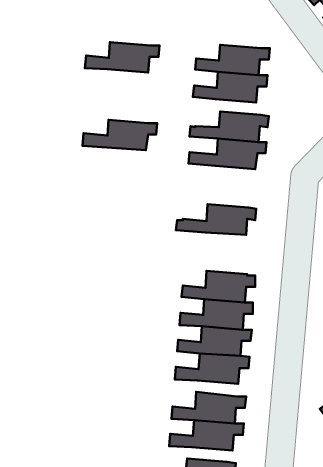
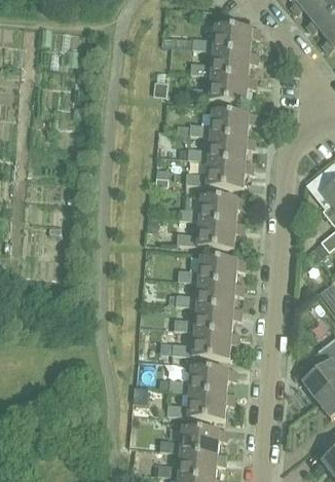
building: [85,42,160,73] -> [191,24,259,51]
building: [82,120,157,150] -> [184,158,252,186]
building: none -> [170,219,243,247]

